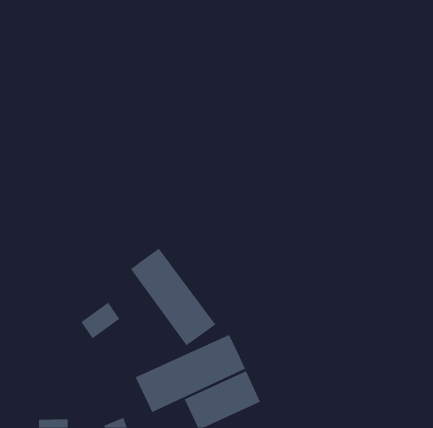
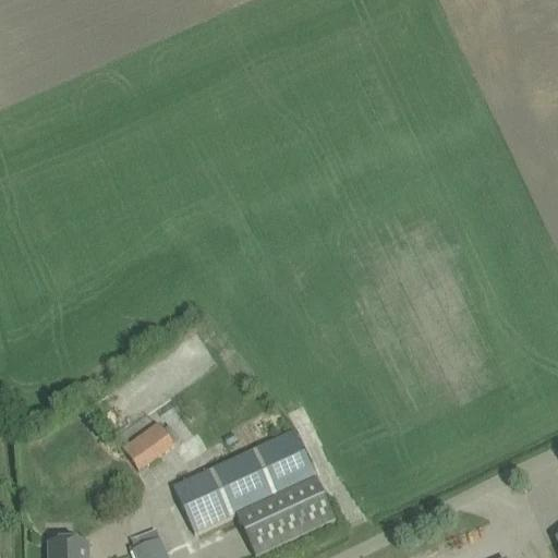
building: [130,248,216,346] -> none
building: [80,302,120,339] -> [123,421,174,469]

